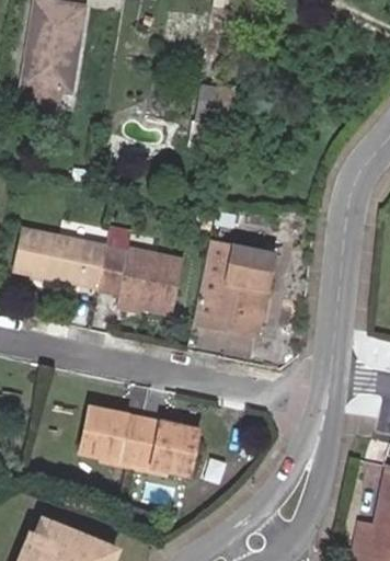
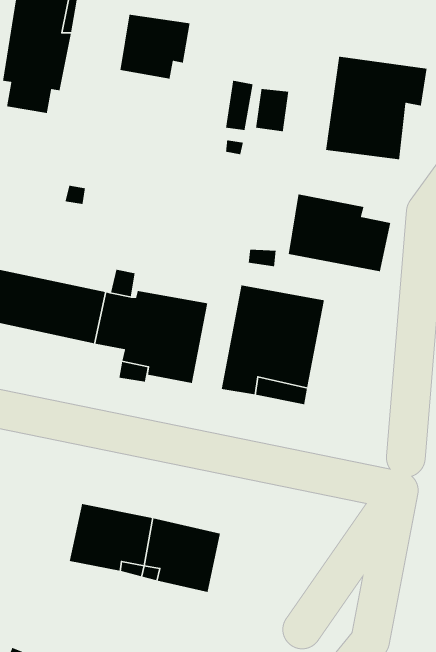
building: none -> [120,14,190,80]
building: none -> [325,56,427,160]
building: none -> [288,194,391,272]

